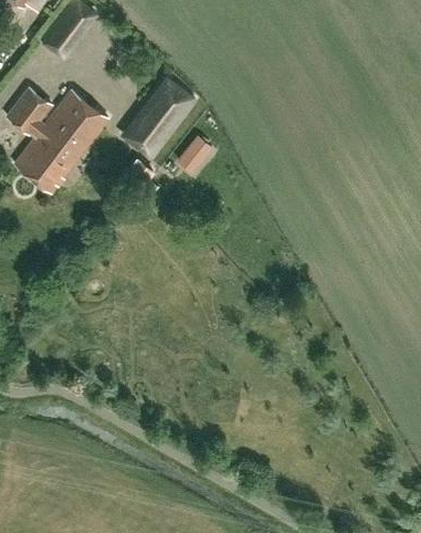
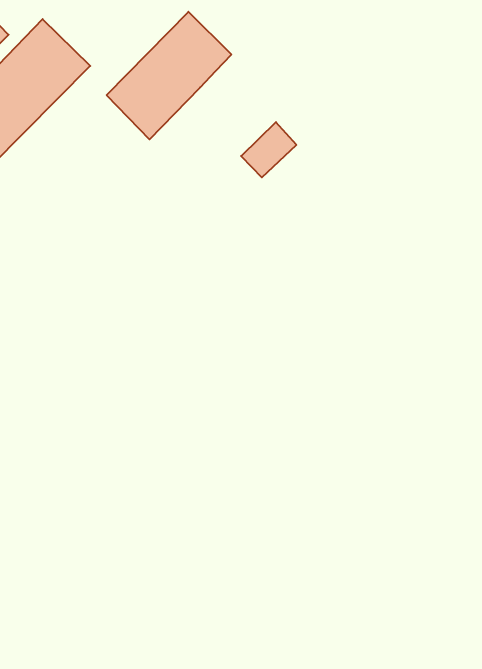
building: [177,135,212,173] -> [241,122,296,177]

